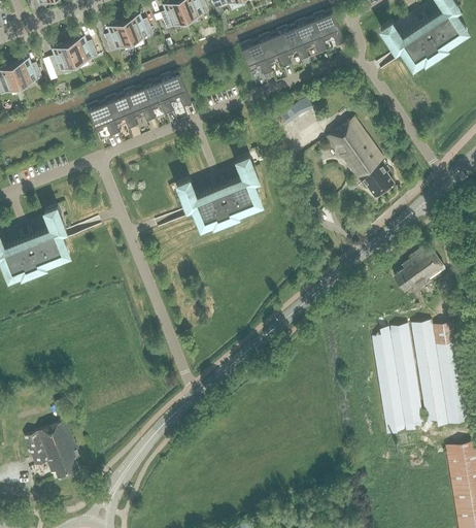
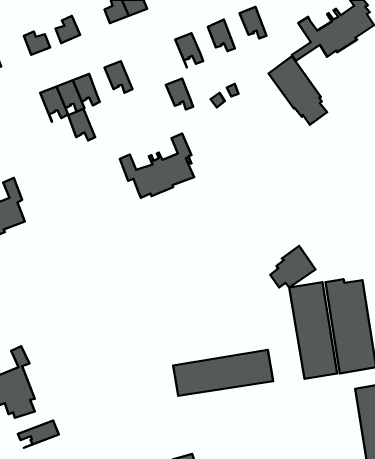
building: [123,16,152,42] -> none
building: [296,18,327,54] -> none
building: [259,33,290,68] -> [166,79,193,109]
building: [48,43,76,73] -> none
building: [142,79,173,116] -> [68,109,95,141]
building: [328,119,395,197] -> [268,56,327,125]
building: [395,243,446,291] -> [270,246,315,287]
building: none -> [173,350,273,396]
building: none -> [18,421,59,448]

